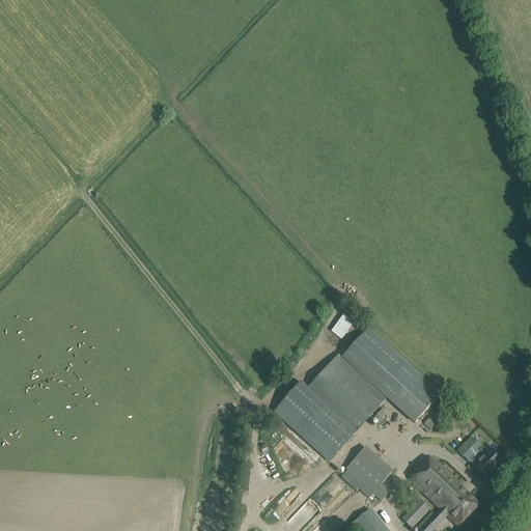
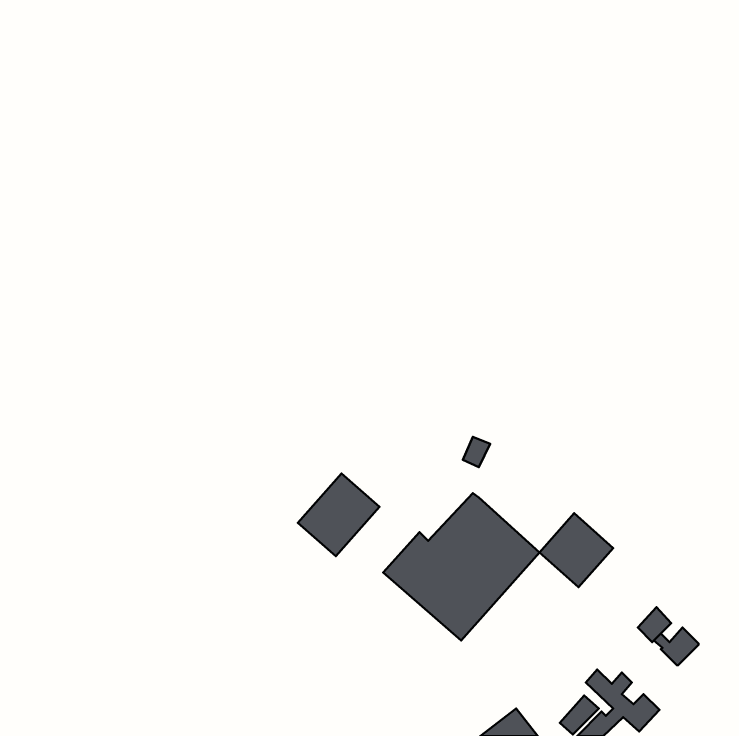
building: [343,329,412,396] -> none
building: none -> [298,474,379,556]
building: [341,447,392,496] -> none
building: [411,457,478,509] -> none

